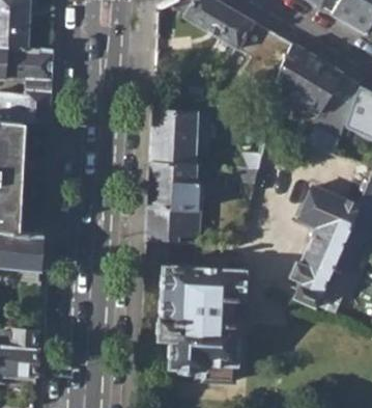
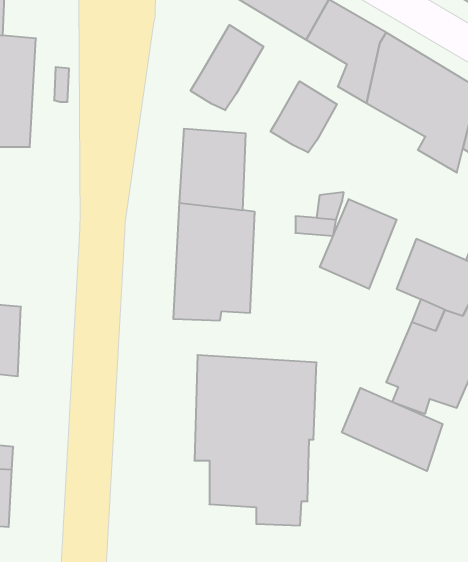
building: none -> [191,25,263,110]
building: none -> [271,81,337,153]
building: none -> [320,199,397,289]
building: none -> [342,388,443,471]

